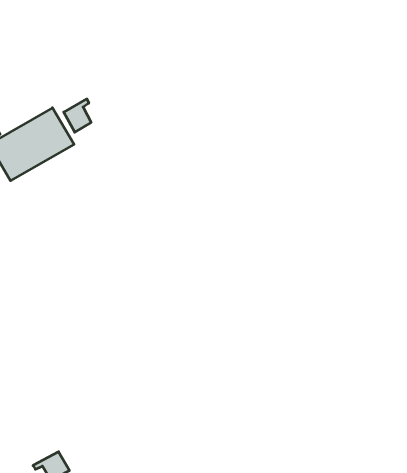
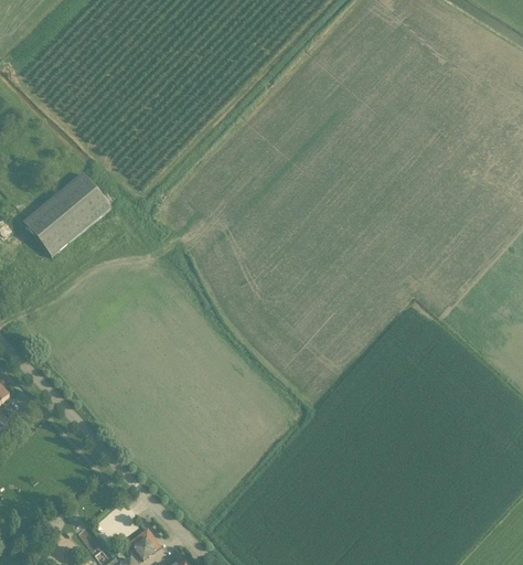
building: [64,99,91,132] -> none

